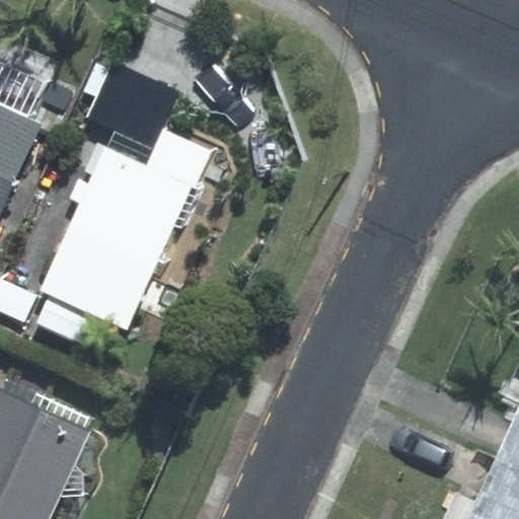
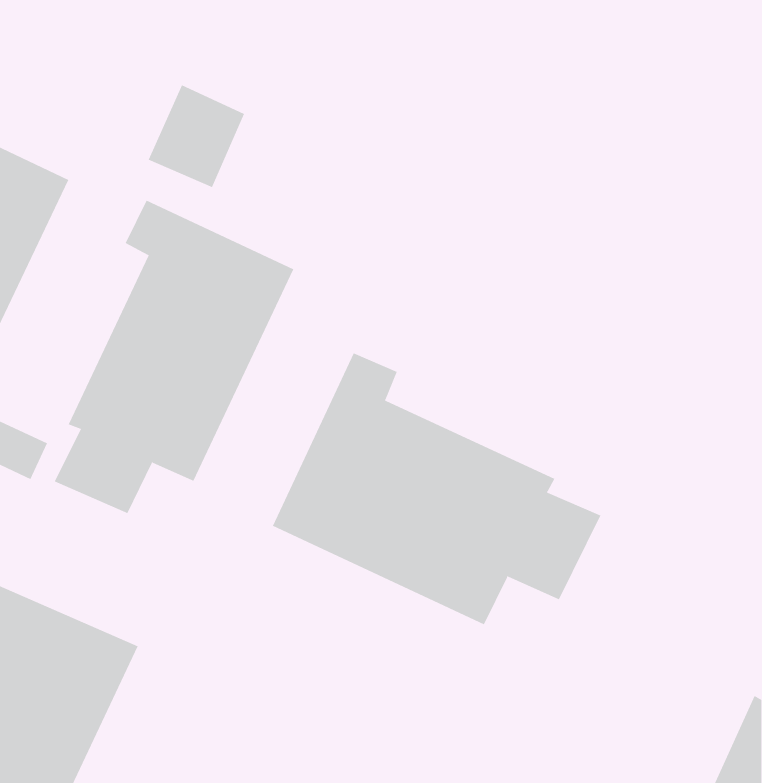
building: none -> [272,353,601,625]

